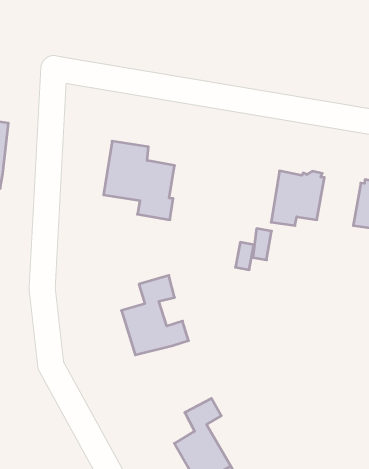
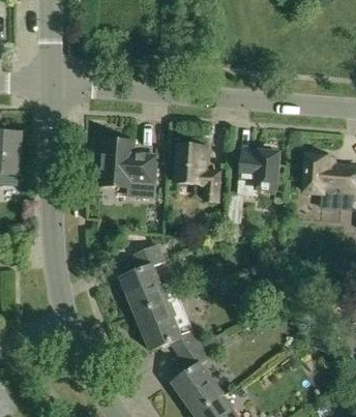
building: none -> [175,144,219,202]
building: none -> [137,297,202,356]

